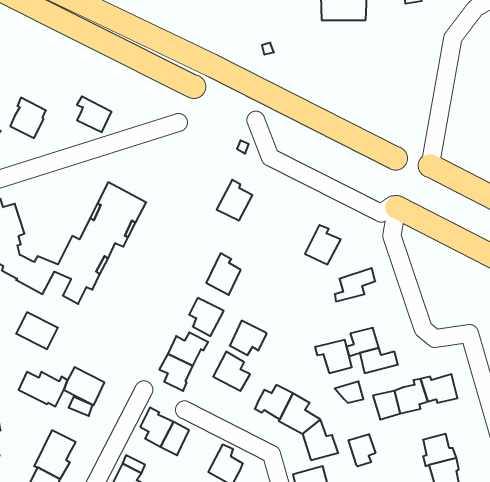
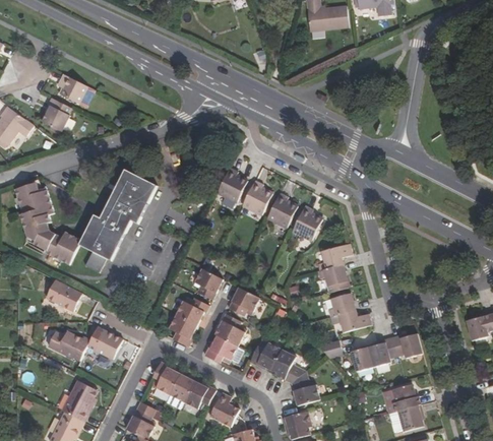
building: [77,96,112,132] -> [58,73,87,104]
building: none -> [267,192,297,227]
building: [206,253,241,295] -> [242,179,271,214]
building: [315,340,352,373] -> [317,264,349,293]
building: none -> [203,335,237,363]
building: none -> [183,380,215,408]
building: [349,434,375,466] -> none

